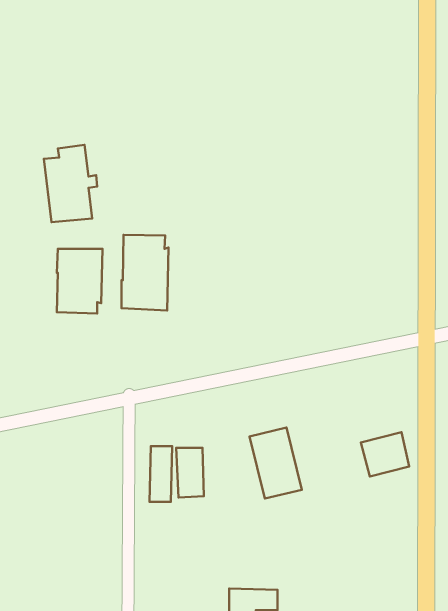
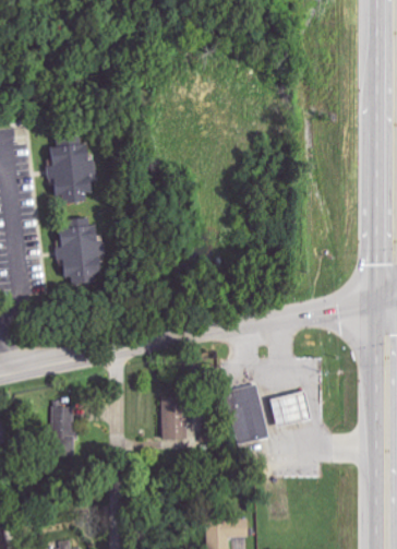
building: [121,235,169,310] -> none
building: [361,432,409,477] -> [269,387,311,426]
building: [149,446,172,502] -> [55,408,74,456]

